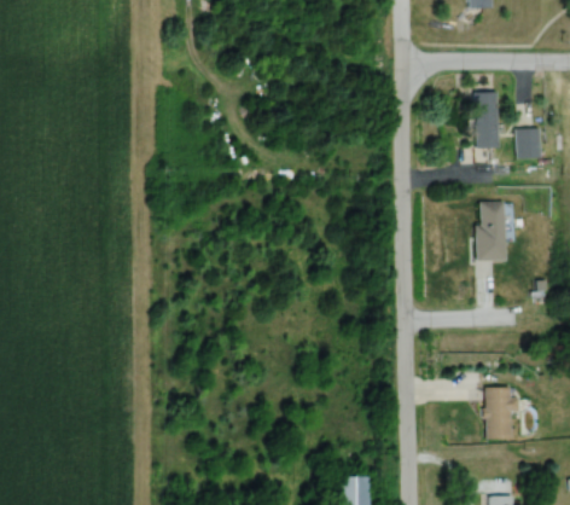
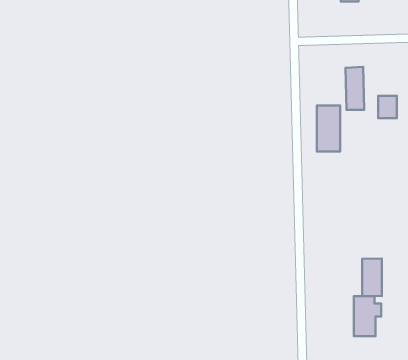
building: [477,202,507,261] -> [317,106,340,151]
building: none -> [362,259,382,296]

